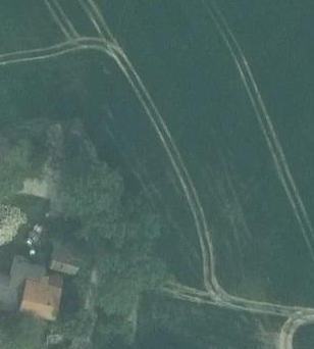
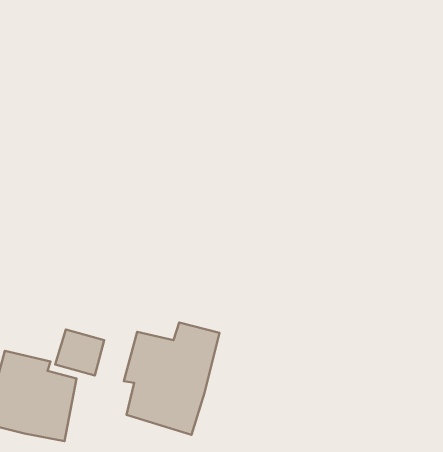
building: none -> [124,322,220,435]

